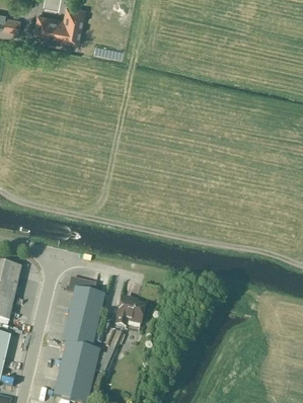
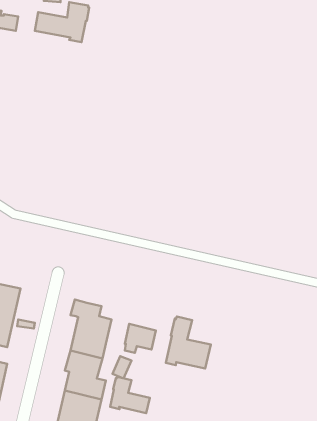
building: none -> [166,316,211,368]
building: none -> [110,377,150,413]

